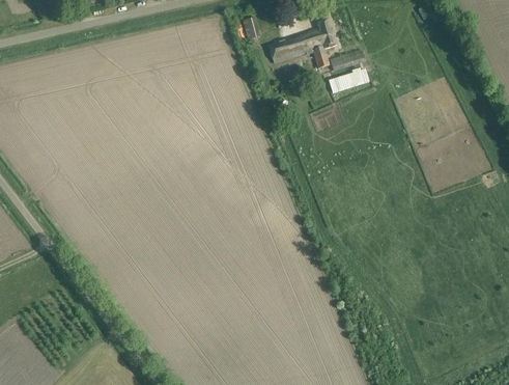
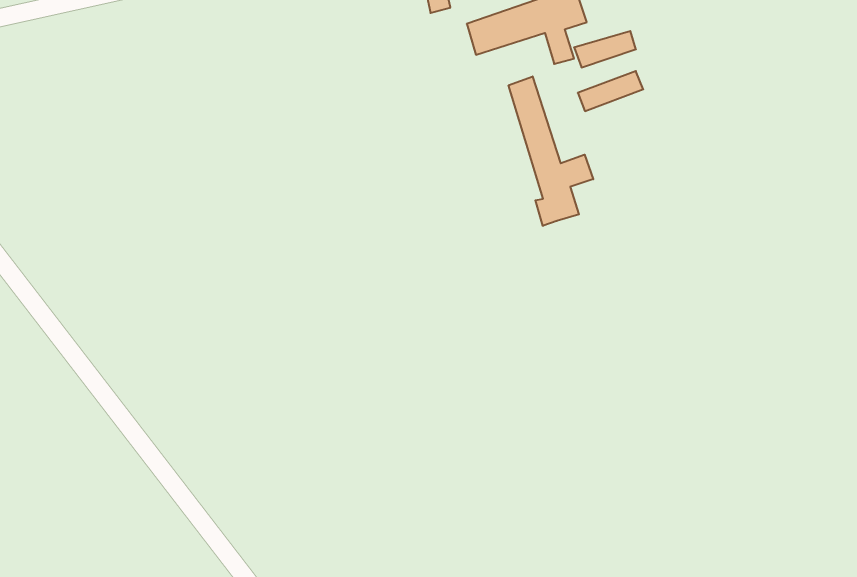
building: none -> [509,76,593,226]

